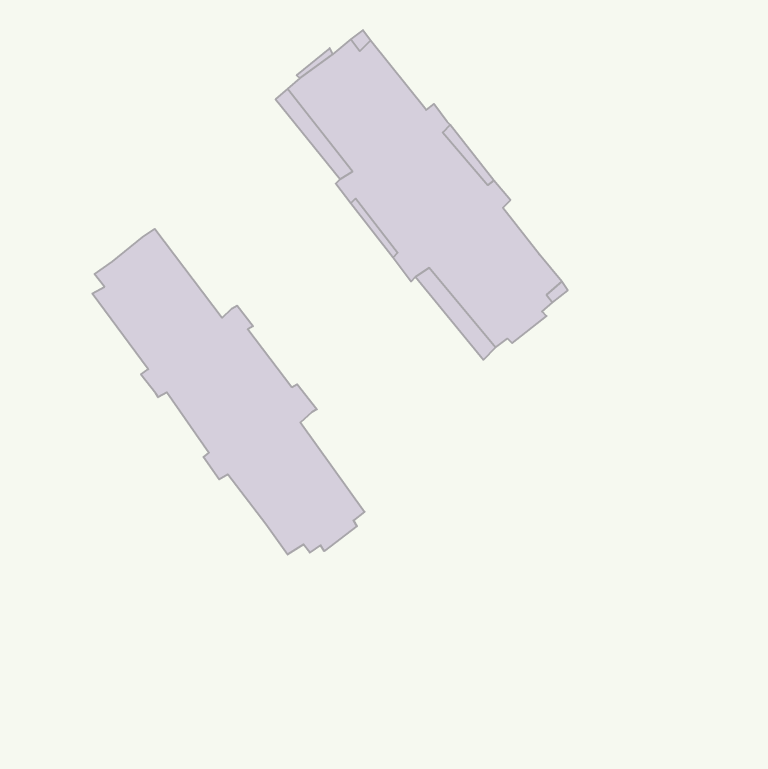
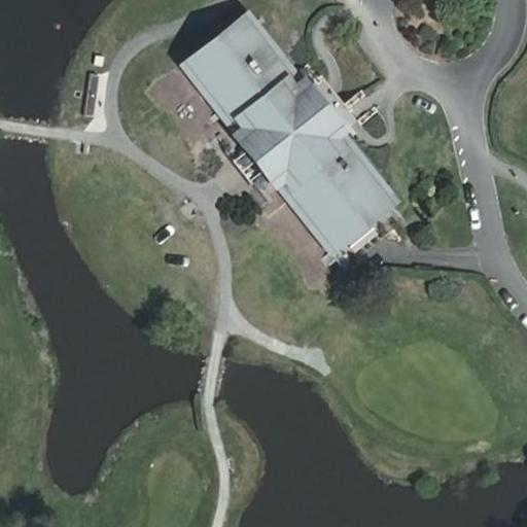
building: [92,229,365,555] -> none

